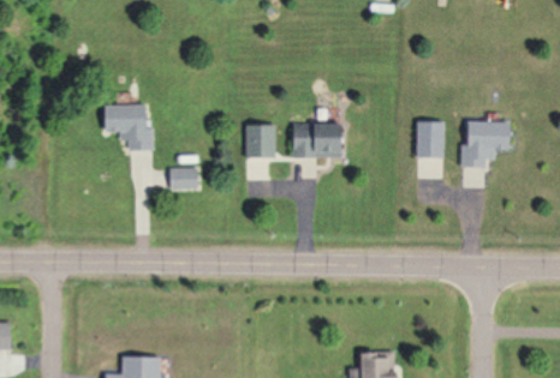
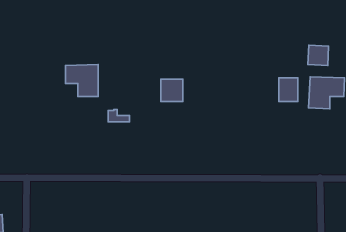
building: none -> [308,45,328,65]
building: [292,109,351,156] -> none

